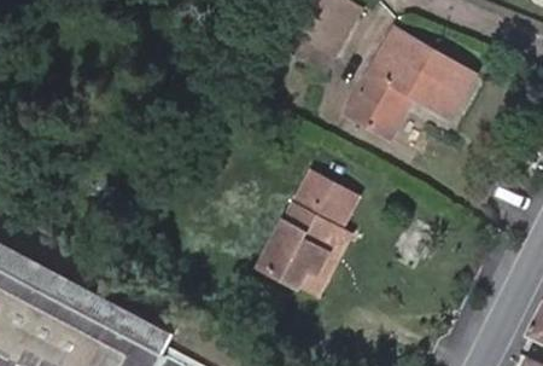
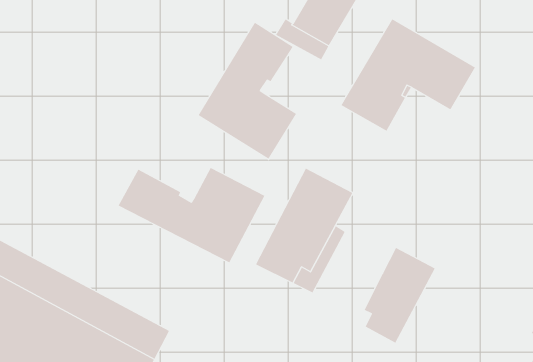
building: none -> [198,22,297,160]
building: none -> [118,167,265,263]
building: none -> [364,247,436,344]

